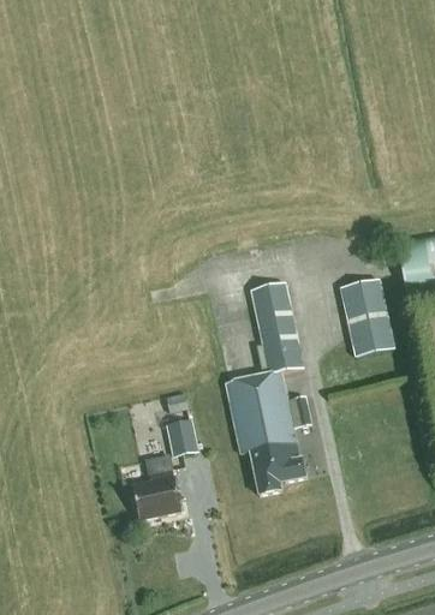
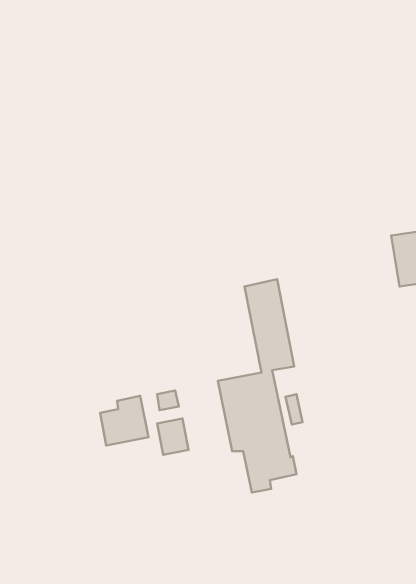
building: [338,277,394,357] -> none
building: [132,468,180,518] -> [100,396,149,446]

